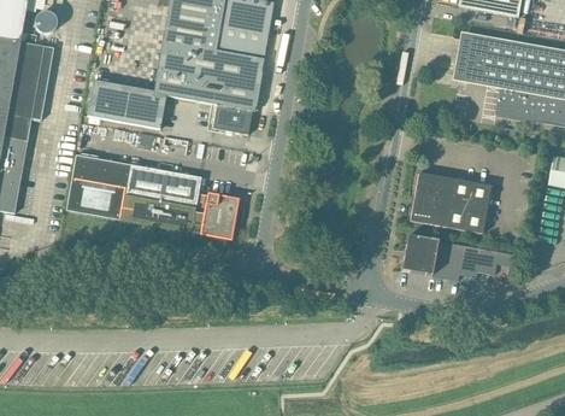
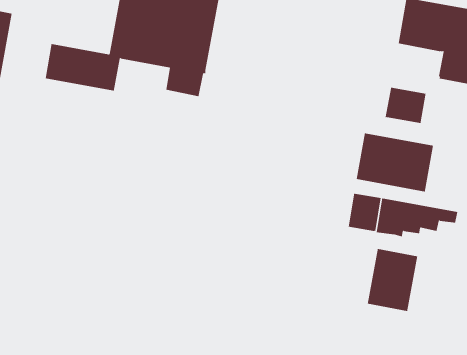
building: none -> [385,87,426,124]
building: [65,154,243,240] -> none
building: none -> [367,248,418,312]

